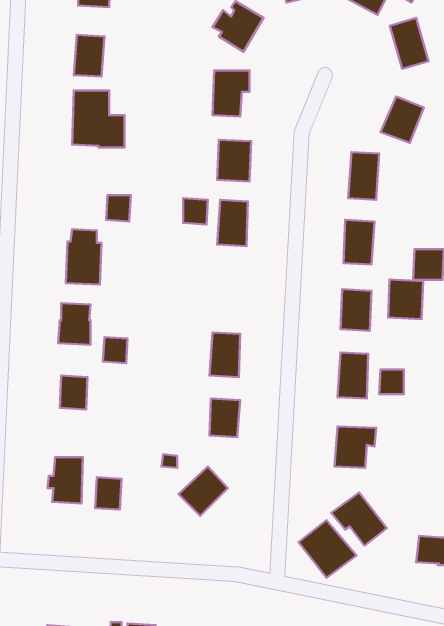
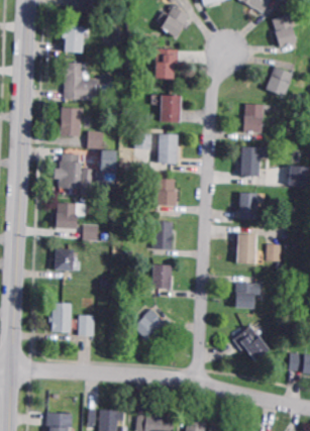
building: none -> [61,108,83,137]
building: none -> [99,150,118,172]
building: none -> [146,178,177,207]
building: [388,280,423,319] -> none
building: [299,520,356,578] -> none

